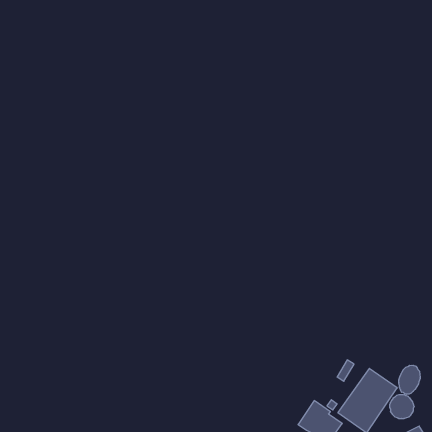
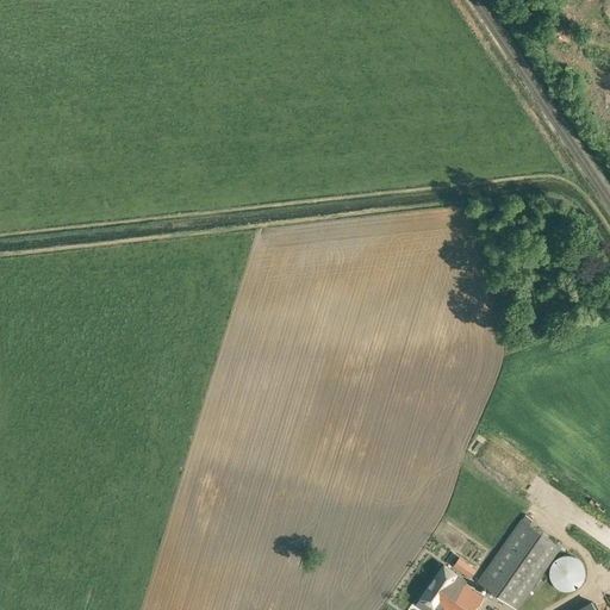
building: [399,365,420,394] -> none

